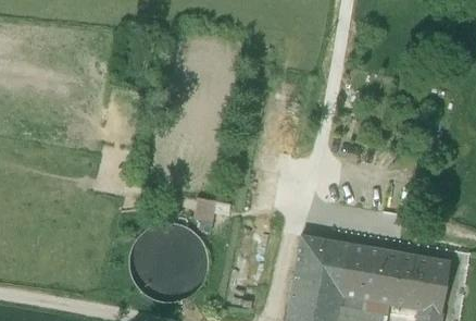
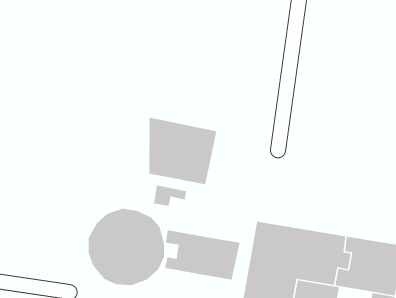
building: none -> [148,117,217,185]
building: none -> [164,230,240,280]

